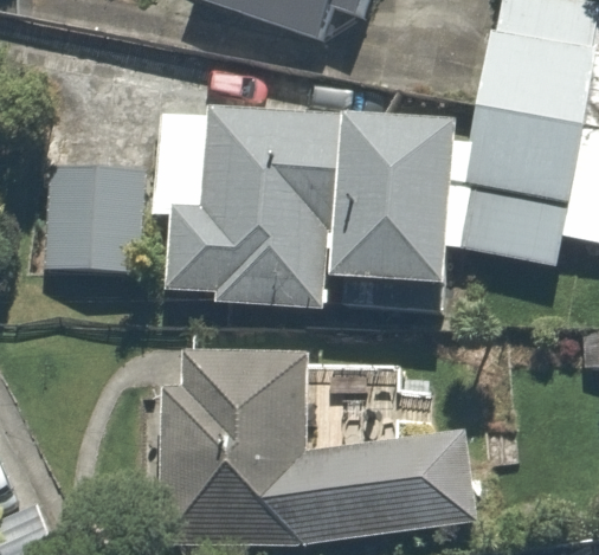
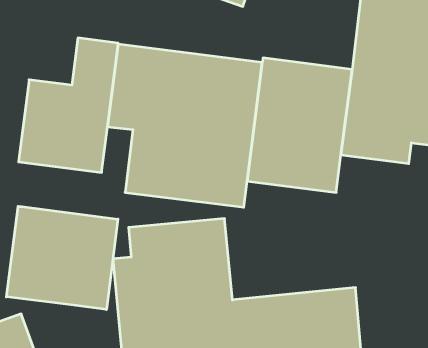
building: none -> [6,206,118,310]

